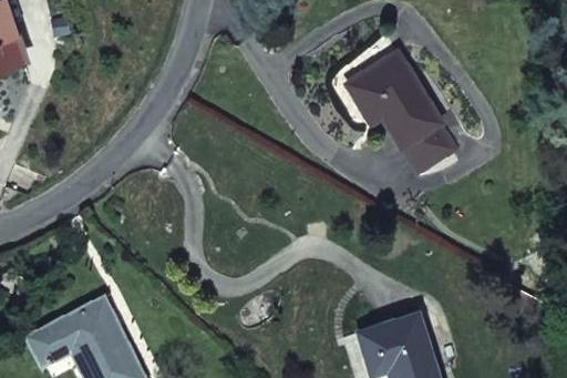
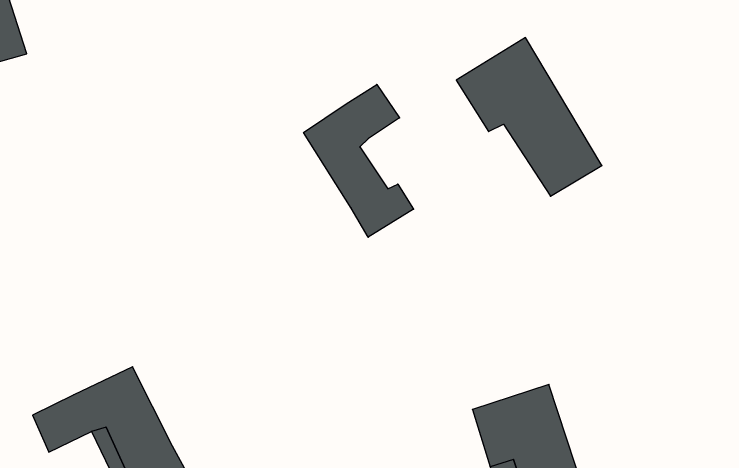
building: none -> [304,84,414,237]

